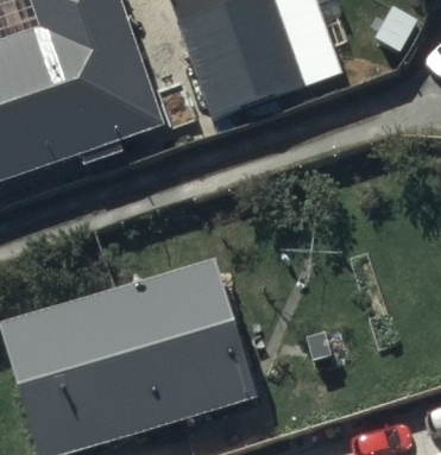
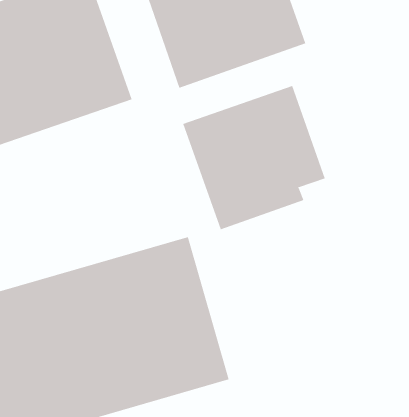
building: none -> [183,85,325,230]

